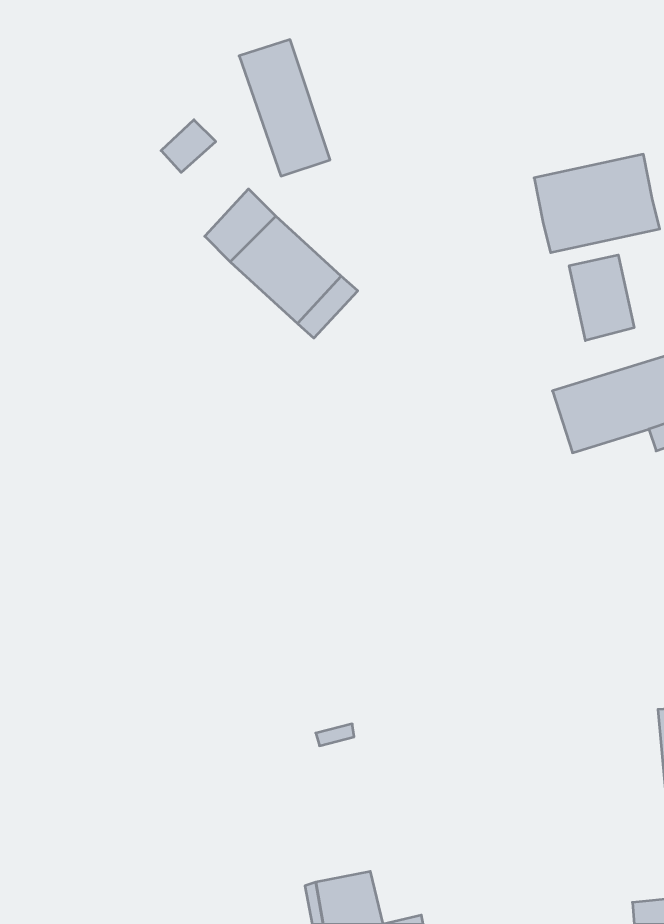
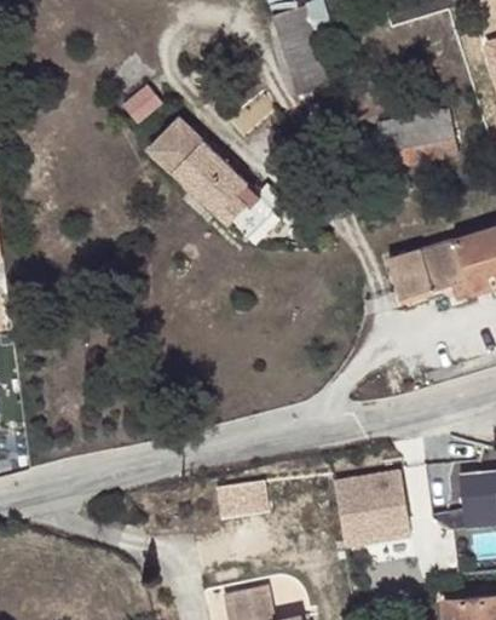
building: [239,40,330,176] -> [266,7,327,98]
building: [569,255,634,341] -> none
building: none -> [339,471,417,546]

